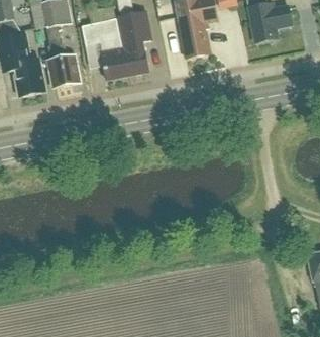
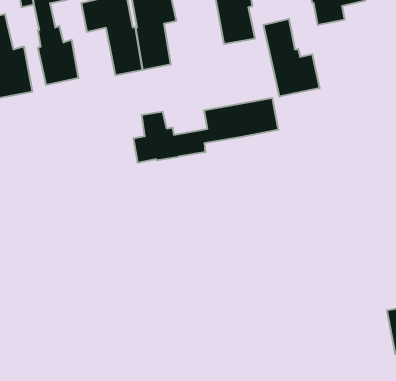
building: none -> [264,19,320,97]
building: none -> [133,98,278,163]

